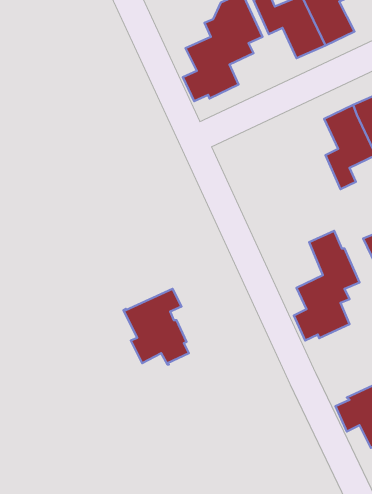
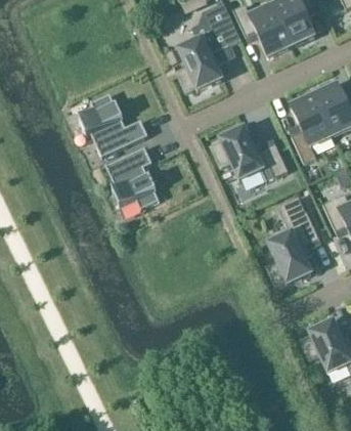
building: none -> [79,91,147,155]
building: none -> [211,125,288,177]
building: [123,289,189,364] -> [105,145,159,207]

